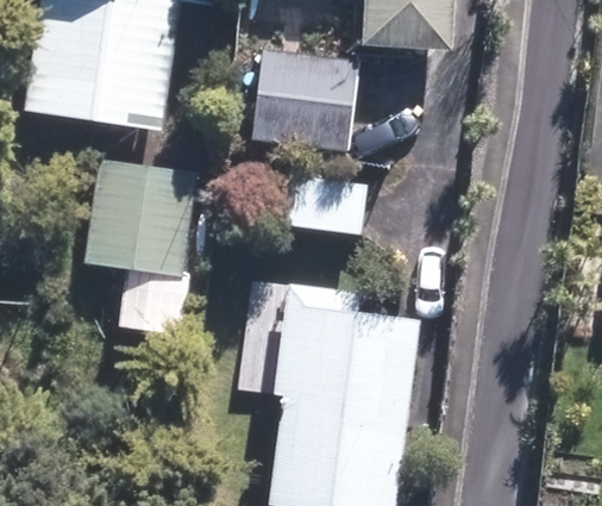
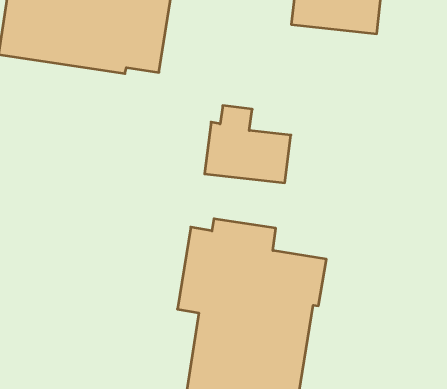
building: [251,50,357,148] -> none
building: [82,160,205,337] -> none

